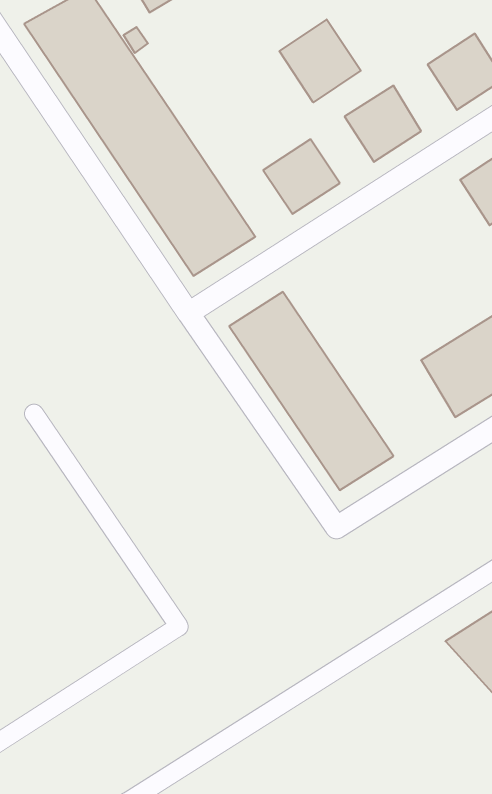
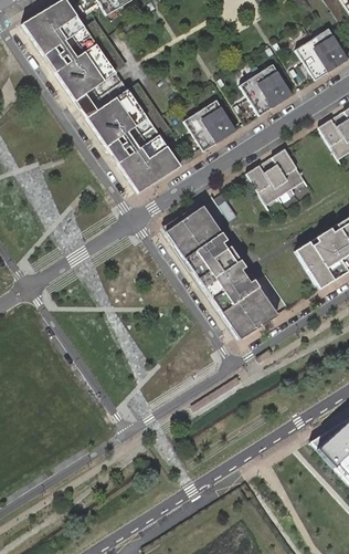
building: [279,19,361,102] -> none
building: none -> [248,148,307,203]

